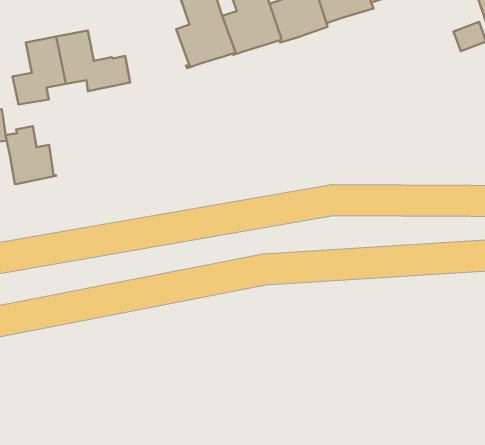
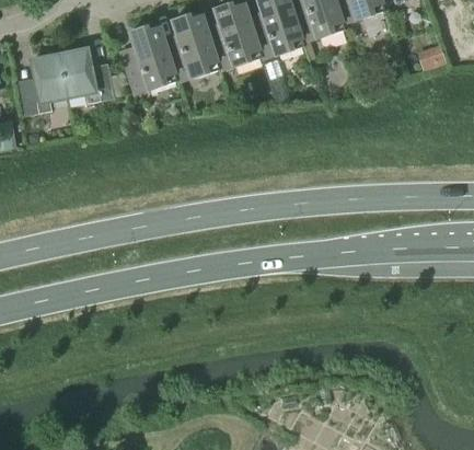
building: none -> [124,24,180,93]
building: [6,126,56,184] -> none

